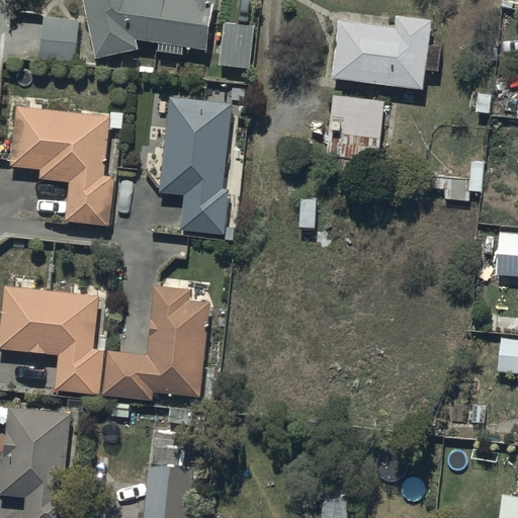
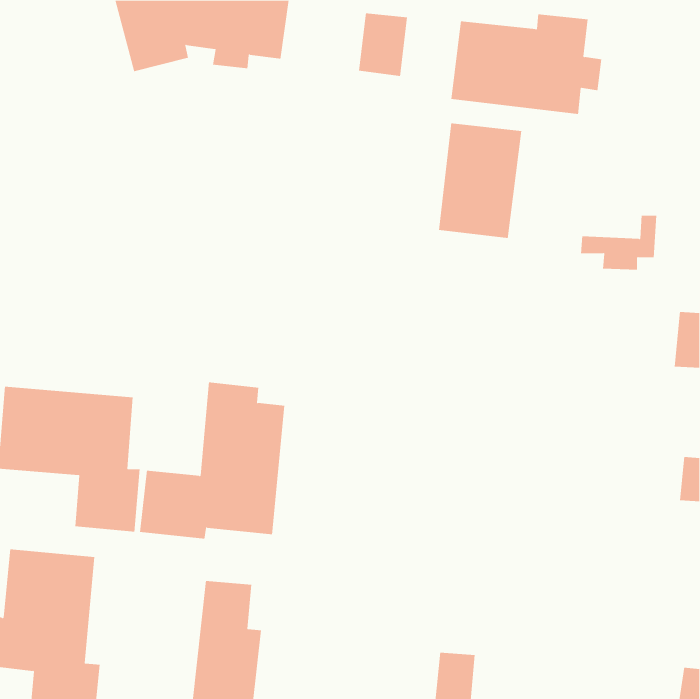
building: [39,18,77,64] -> none
building: [219,23,255,70] -> [358,13,408,76]
building: [160,95,230,235] -> none
building: [10,107,113,226] -> none

